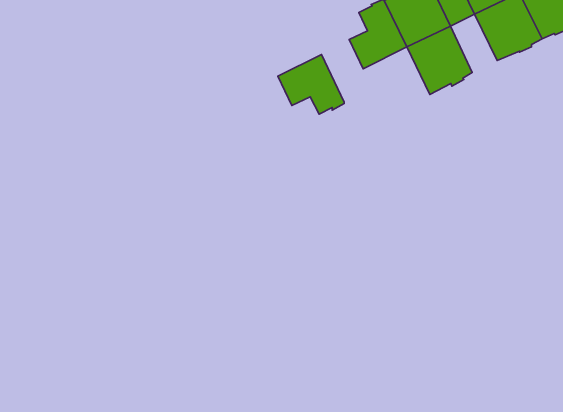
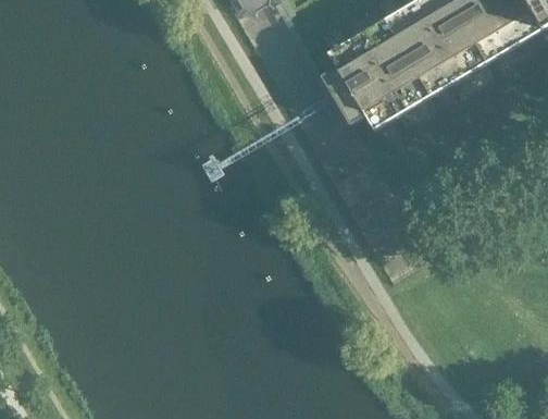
building: none -> [409,42,452,93]
building: [278,54,344,114] -> [337,75,396,126]

